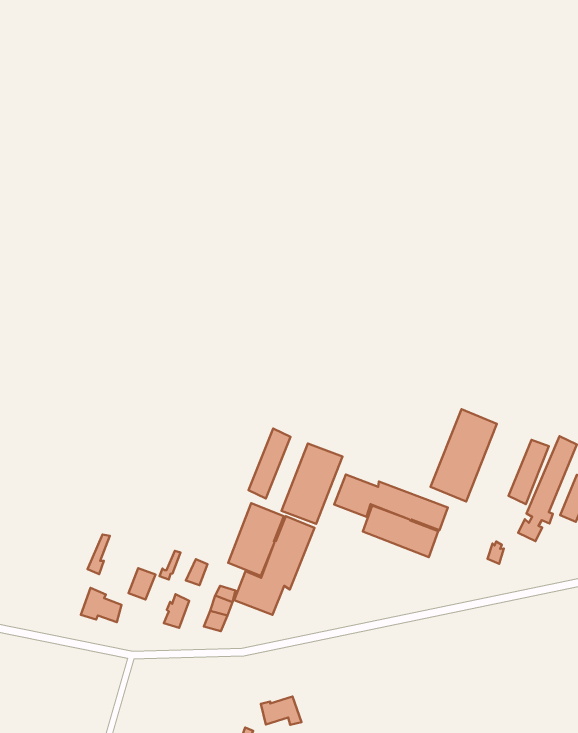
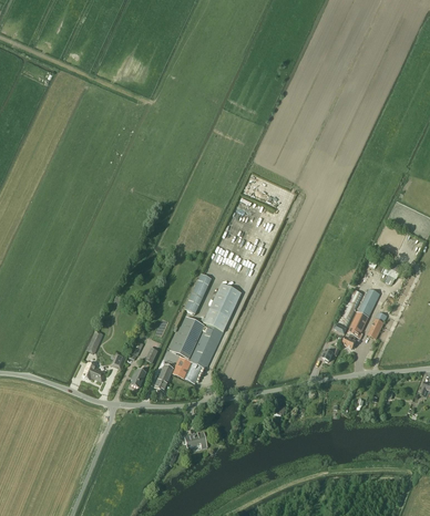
building: [431,409,497,501] -> none
building: [334,475,448,557] -> none

